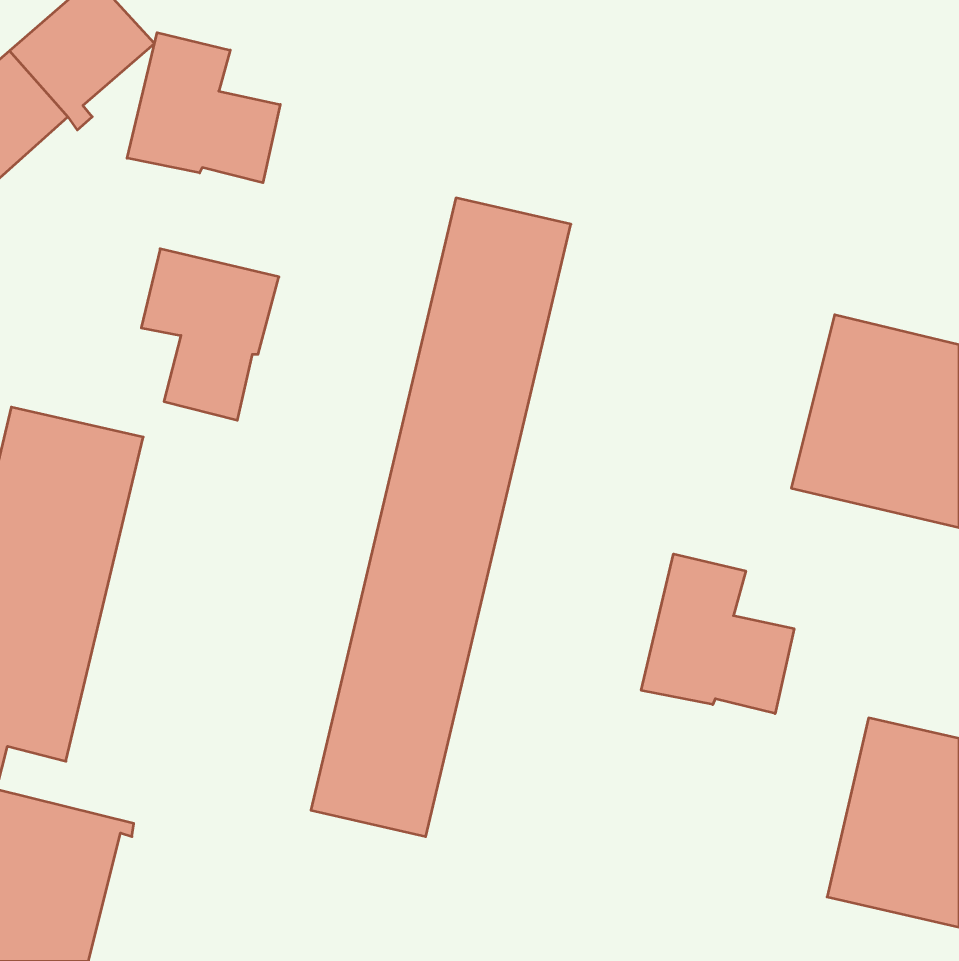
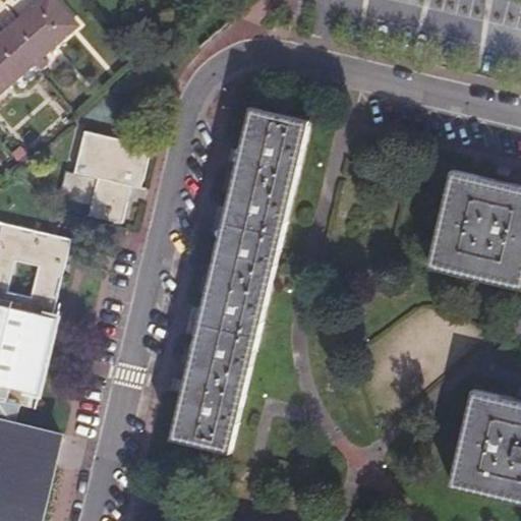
building: [127,33,280,183] -> none
building: [641,554,794,714] -> none

